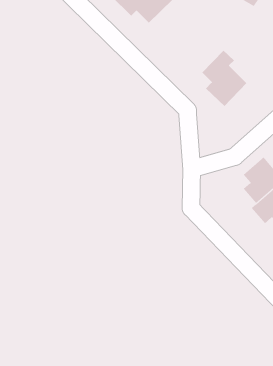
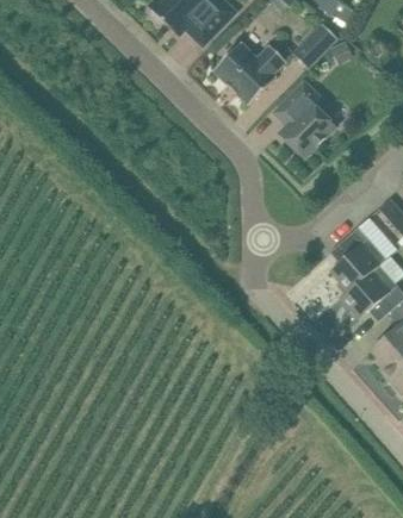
building: none -> [293,24,337,68]
building: none -> [213,42,286,105]

